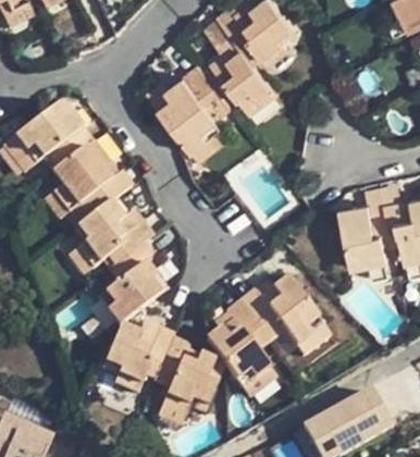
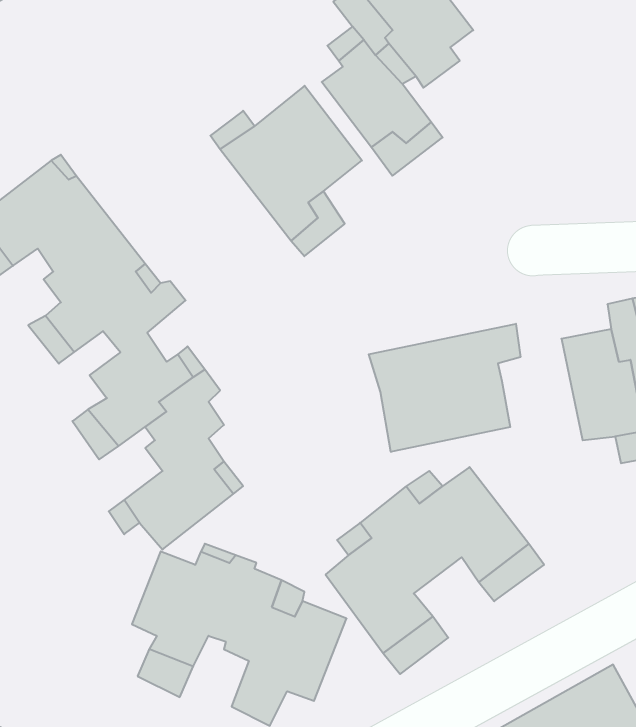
building: none -> [369,324,520,452]

